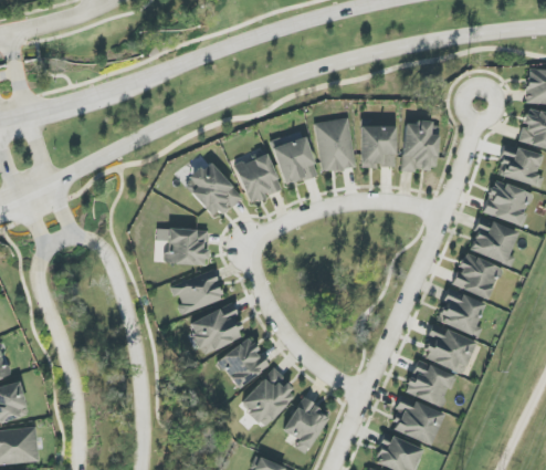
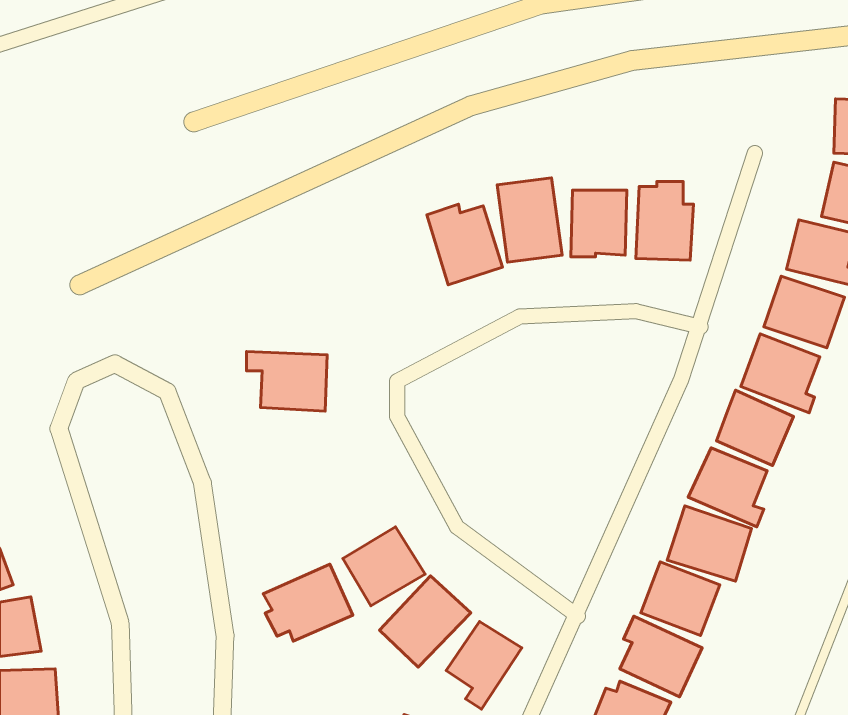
building: [235,153,282,202] -> none
building: [183,160,241,219] -> none
building: [170,270,224,314] -> none
building: [189,304,245,353] -> [263,564,353,641]

